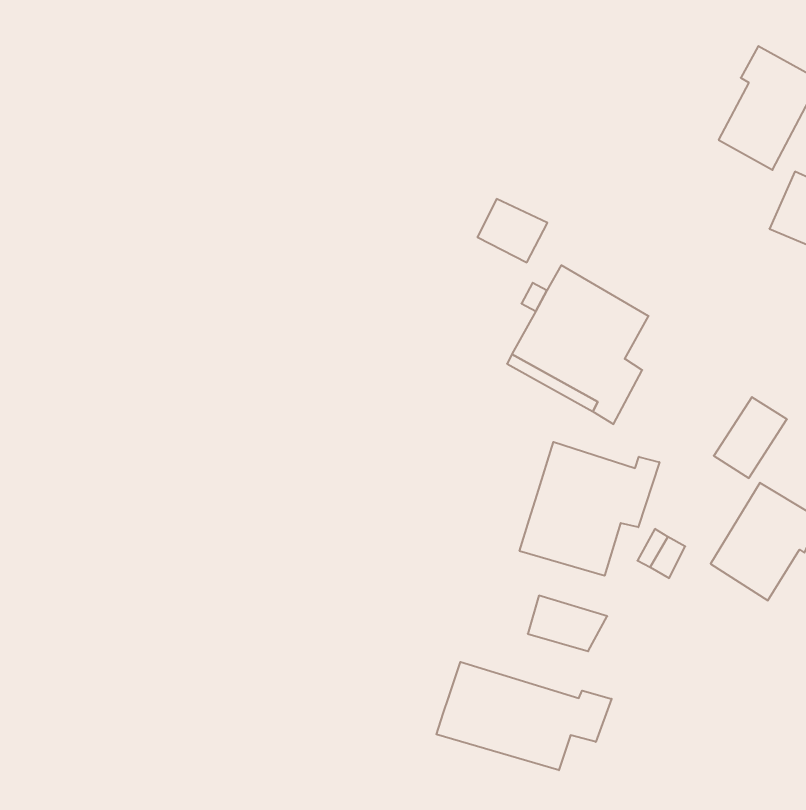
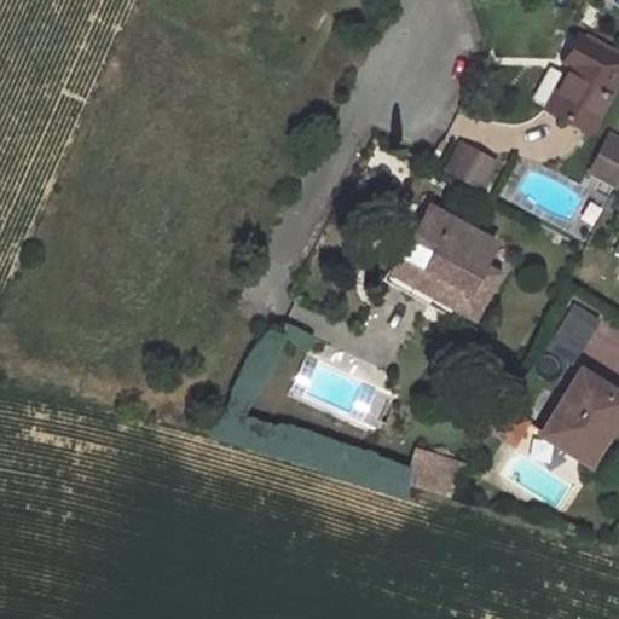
building: [477,199,547,262] -> [449,141,502,190]
building: [520,442,659,576] -> none
building: [436,662,612,770] -> none

